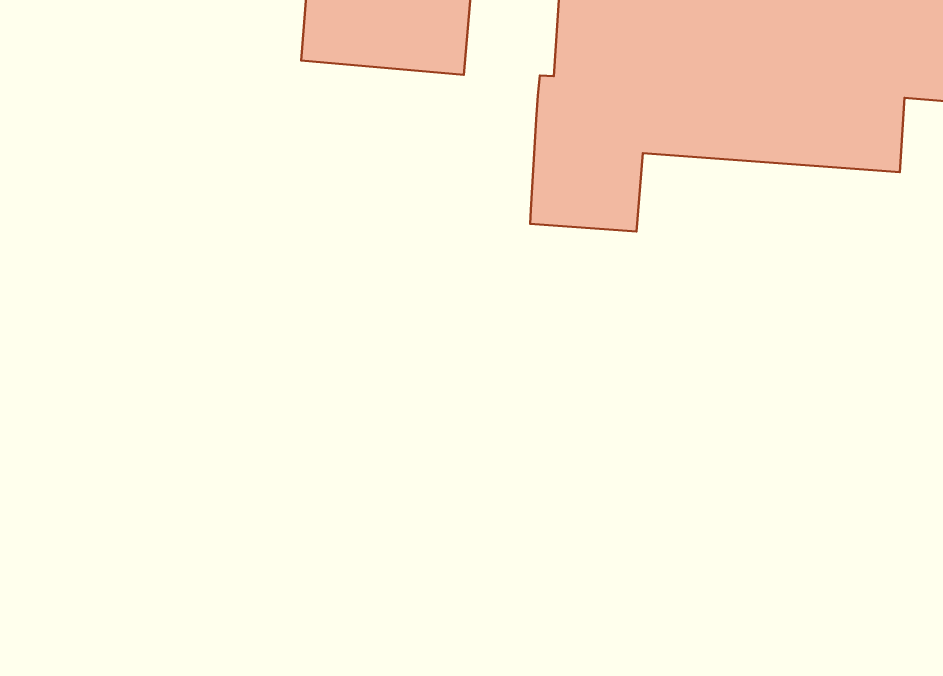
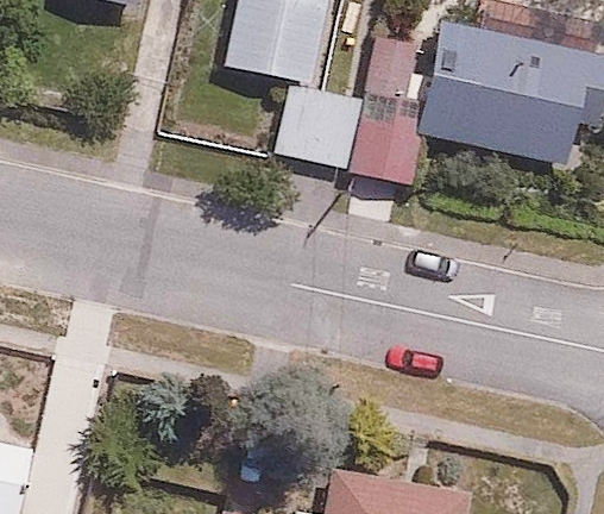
building: none -> [269,84,356,164]

